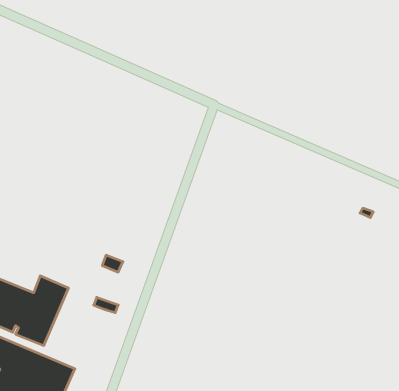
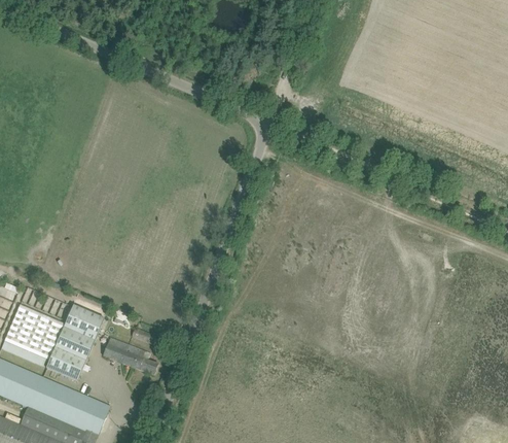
building: none -> [102,338,157,376]

